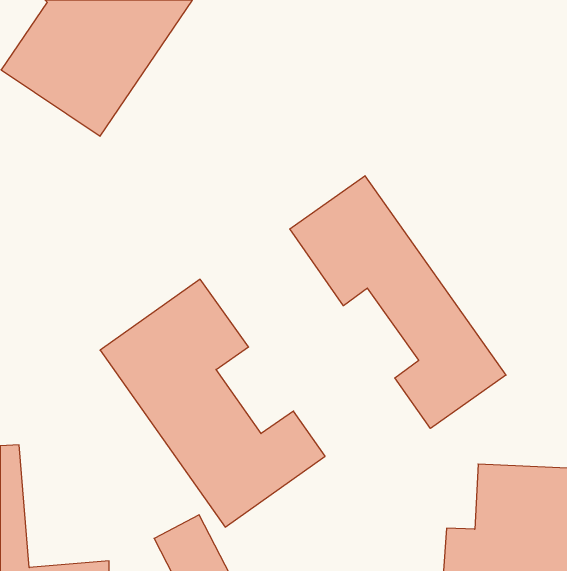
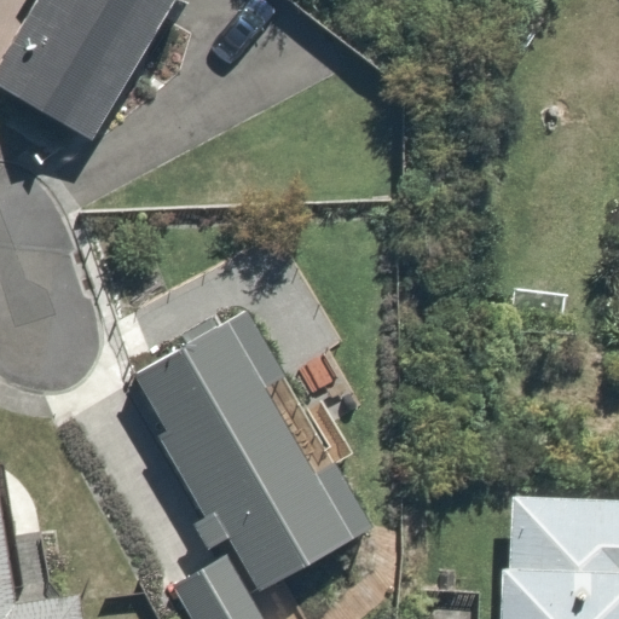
building: [290,176,506,428] -> none

